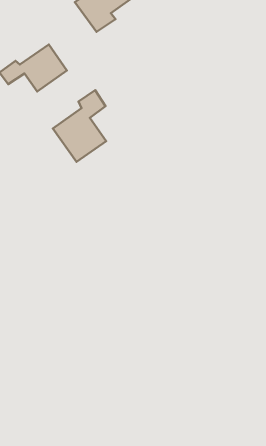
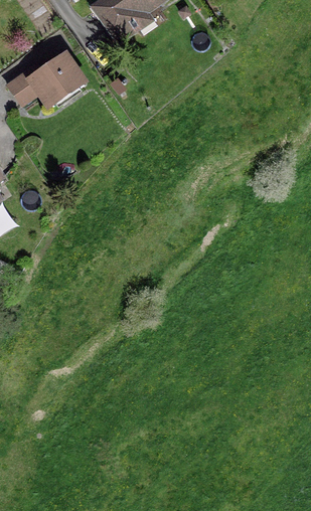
building: [53,90,106,162] -> none

